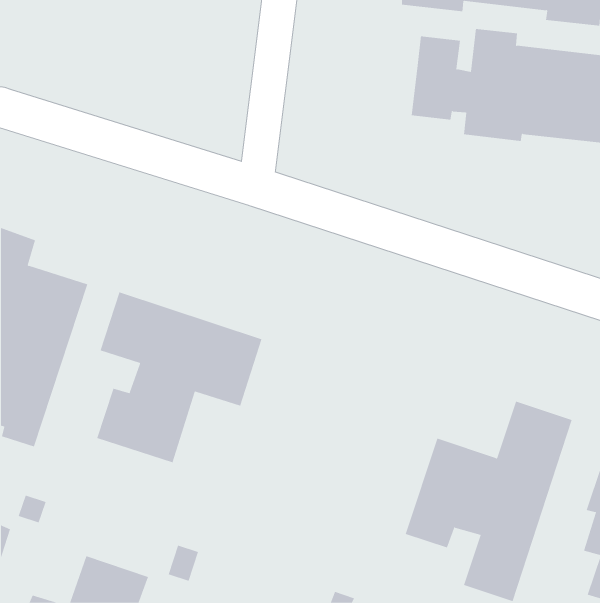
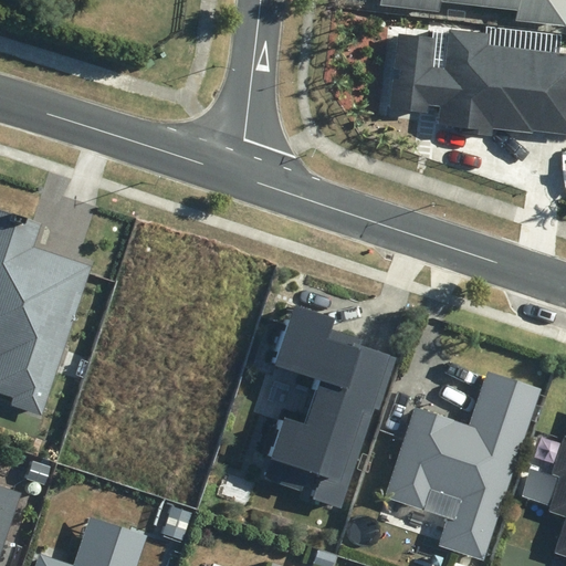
building: [97,292,262,463] -> none
building: none -> [261,306,395,506]

